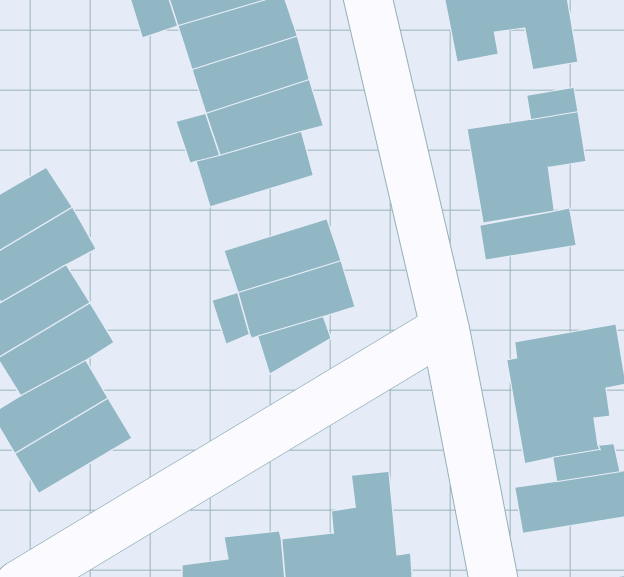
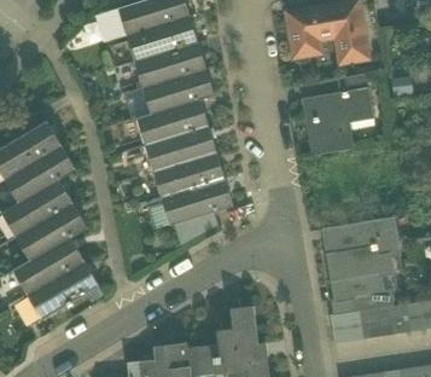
building: none -> [145,126,216,172]
building: [480,208,576,260] -> none

